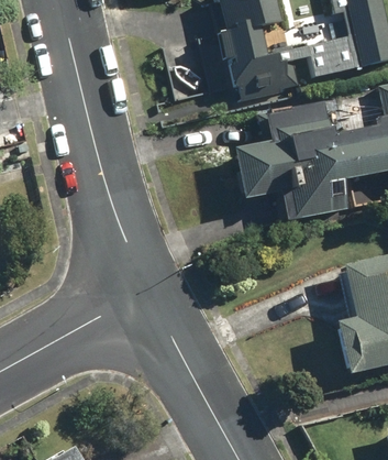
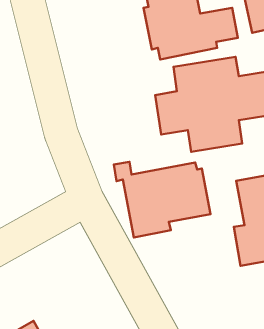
building: none -> [114,162,210,238]

